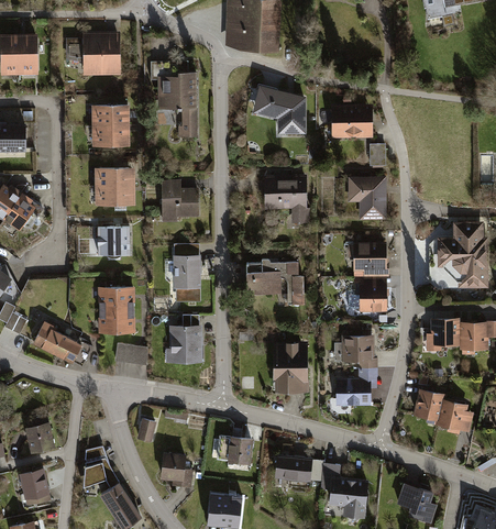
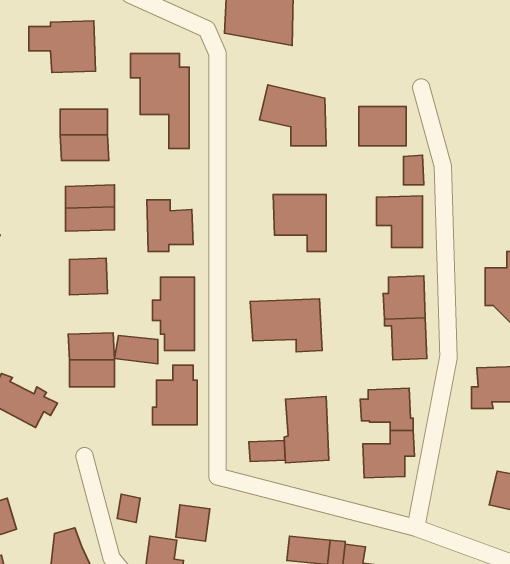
building: [113,343,148,366] -> [114,335,158,364]
building: none -> [249,440,285,462]
building: [412,388,447,428] -> none
building: [227,436,254,465] -> [176,505,210,541]

